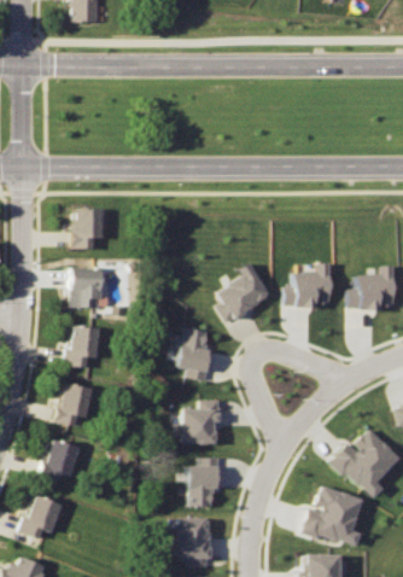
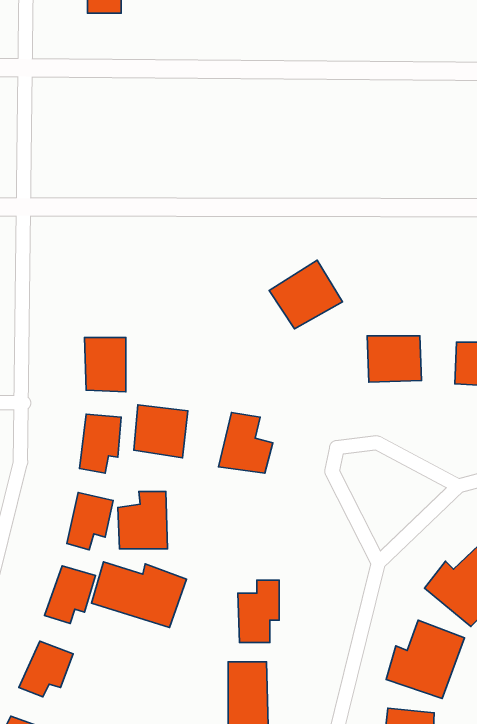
building: [74,209,104,250] -> none
building: [210,264,265,316] -> [269,260,343,329]
building: none -> [134,405,188,458]
building: [181,395,218,438] -> [118,491,167,549]
building: none -> [91,562,186,627]

